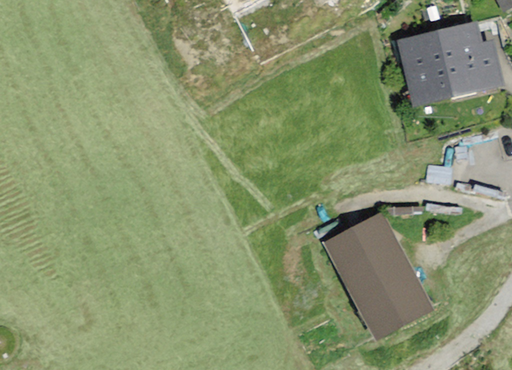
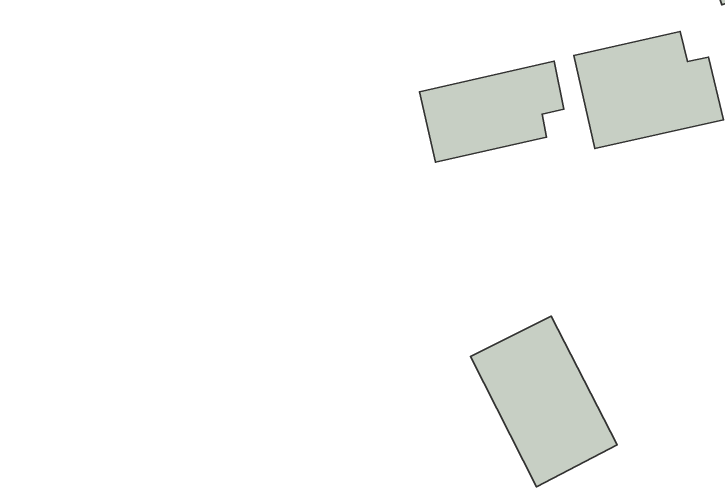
building: none -> [420,61,564,162]

